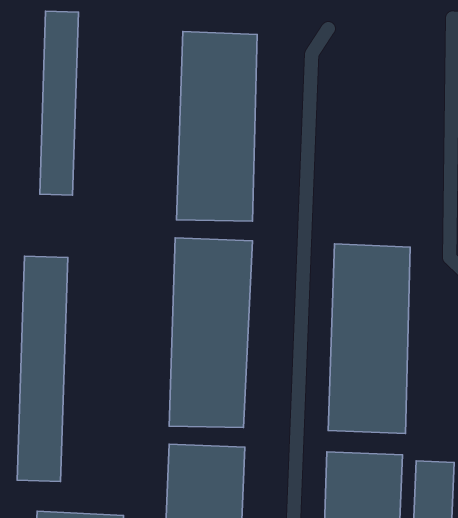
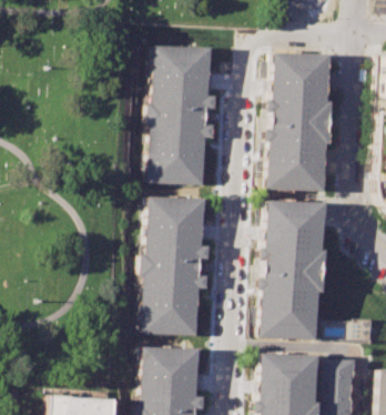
building: [40,11,78,195] -> none
building: none -> [267,52,326,191]
building: [17,256,68,482] -> none

